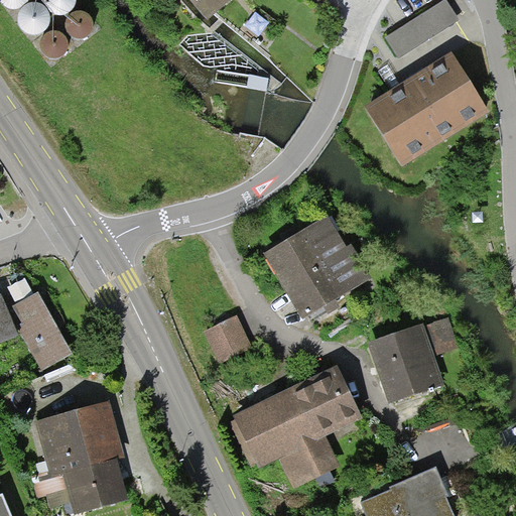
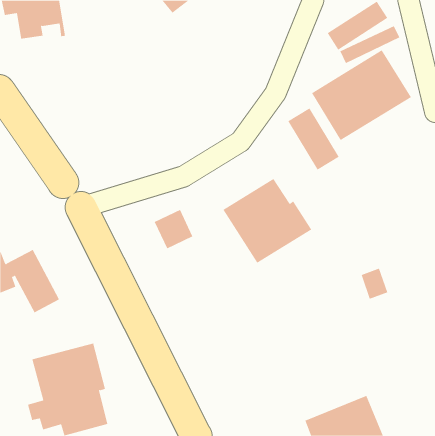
building: none -> [287,108,340,171]
building: [207,313,253,361] -> [154,209,193,249]
building: [372,324,439,402] -> none
building: [231,367,358,488] -> none

